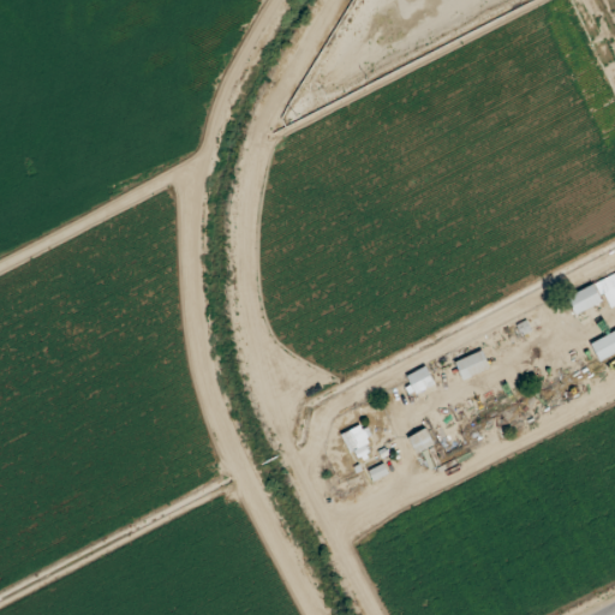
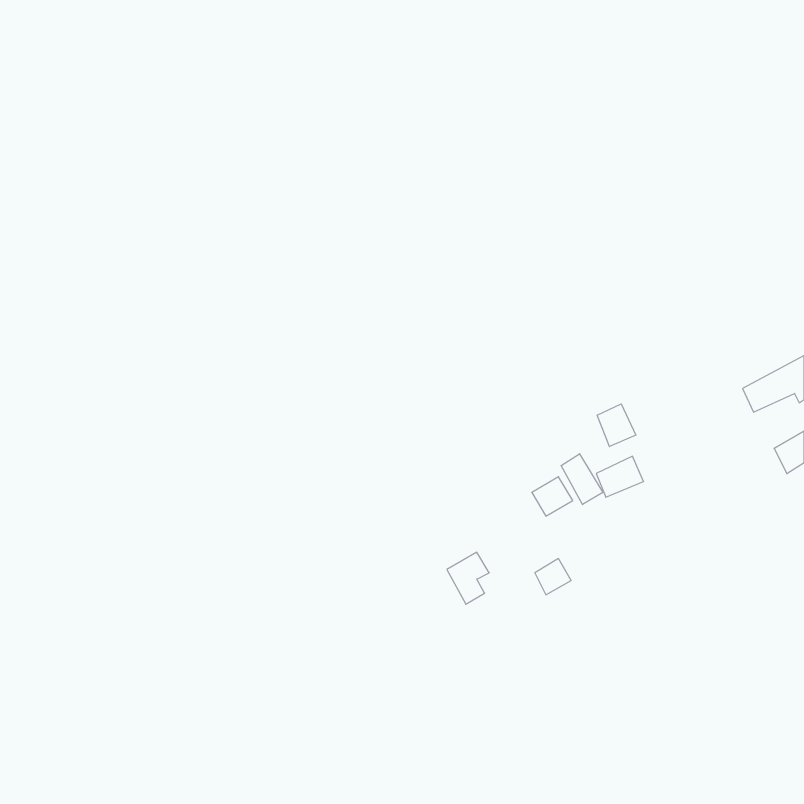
building: none -> [597,404,636,447]
building: none -> [561,454,603,505]

